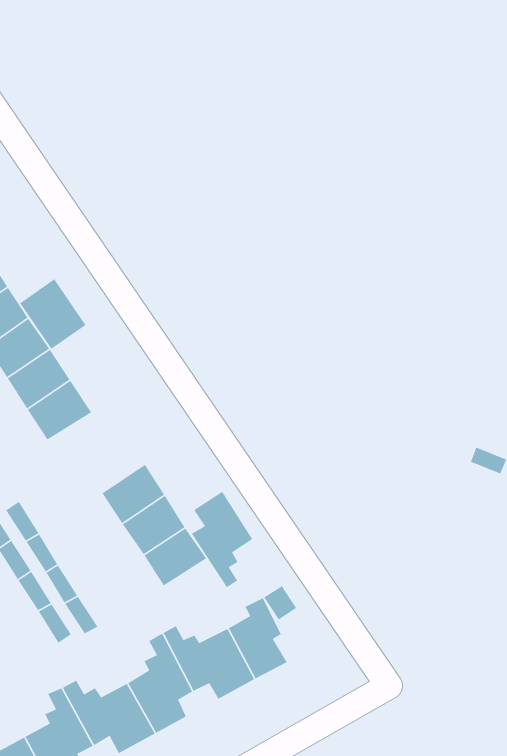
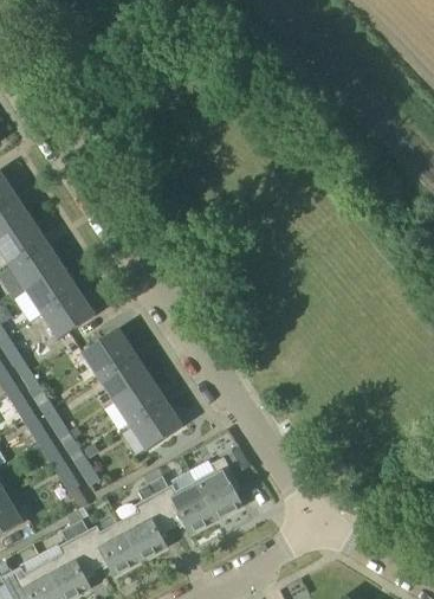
building: [19,278,86,350] -> none
building: none -> [85,330,134,376]
building: [191,491,254,588] -> none

